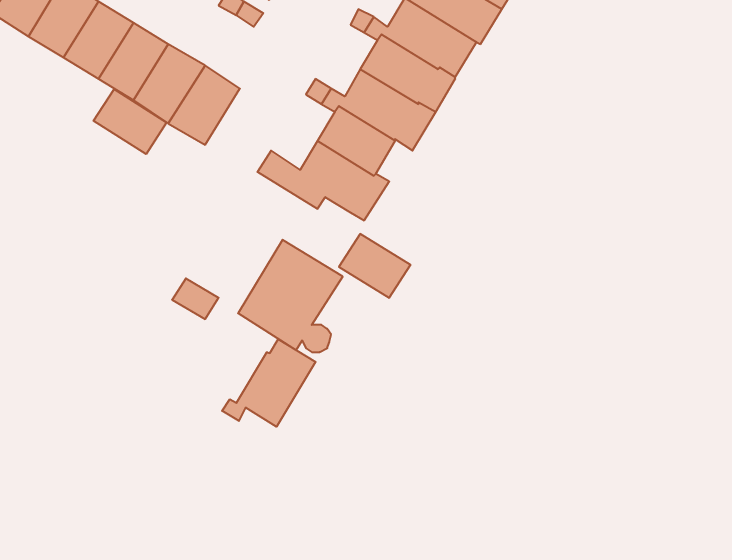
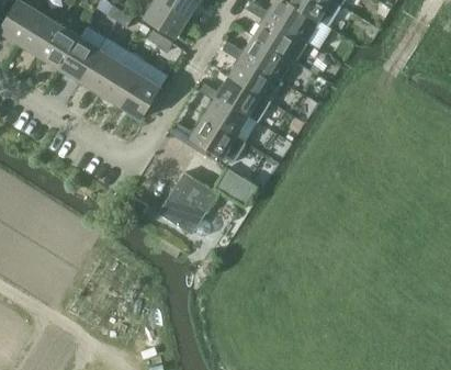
building: [94,89,167,154] -> none
building: [222,339,316,427] -> none

